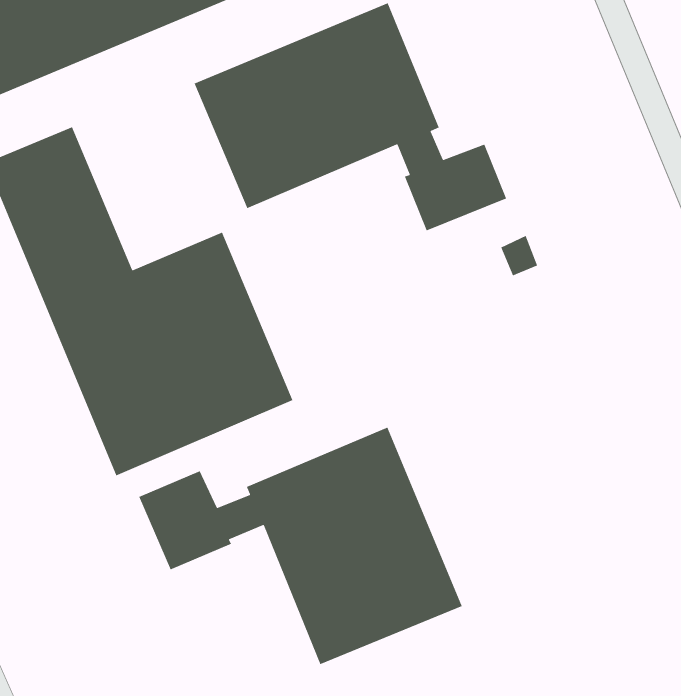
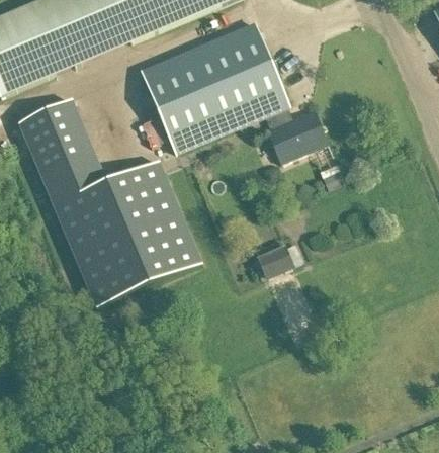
building: none -> [256,243,300,277]
building: [138,427,463,665] -> none

